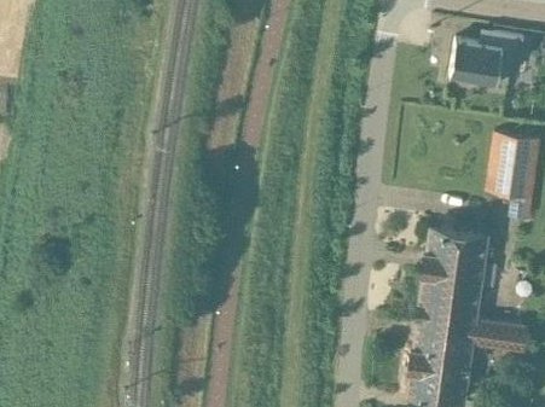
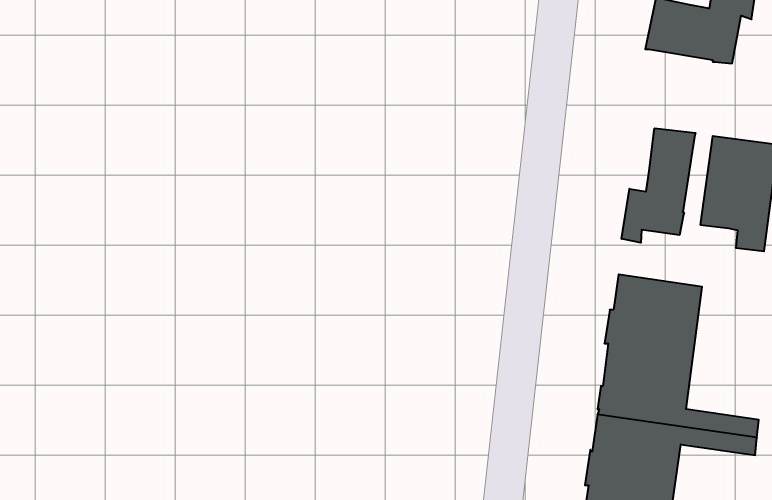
building: none -> [622,128,696,243]

